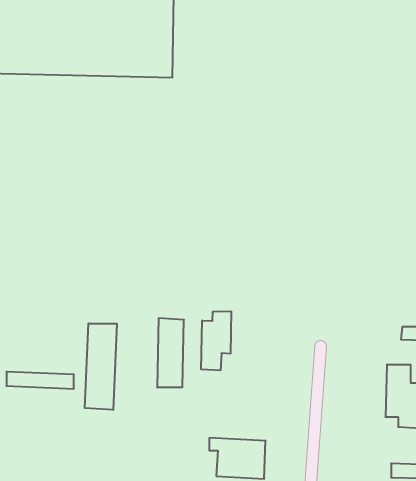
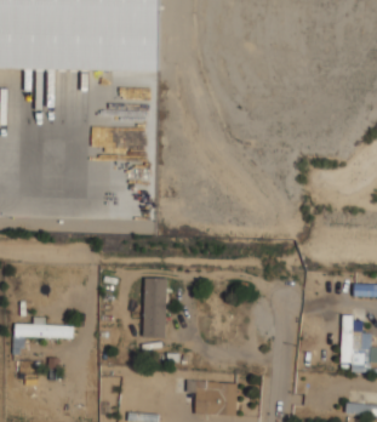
building: [201,311,231,370] -> none
building: [85,323,117,410] -> none

